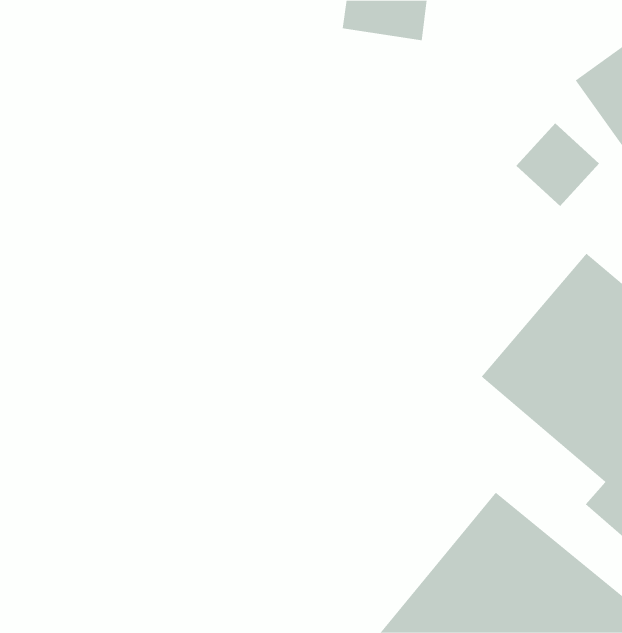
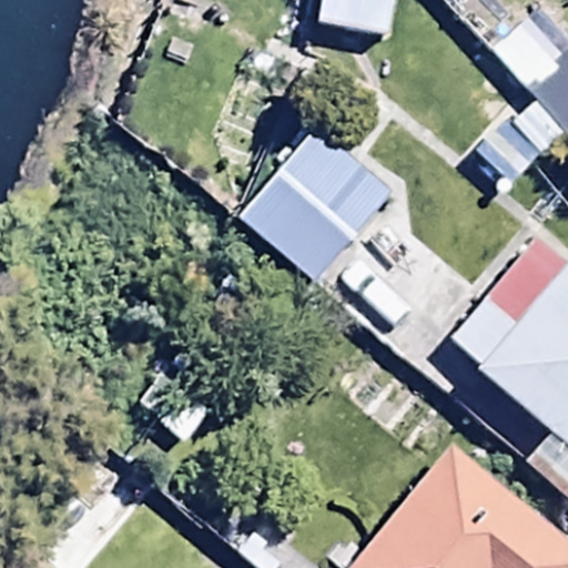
building: none -> [237,126,394,286]

